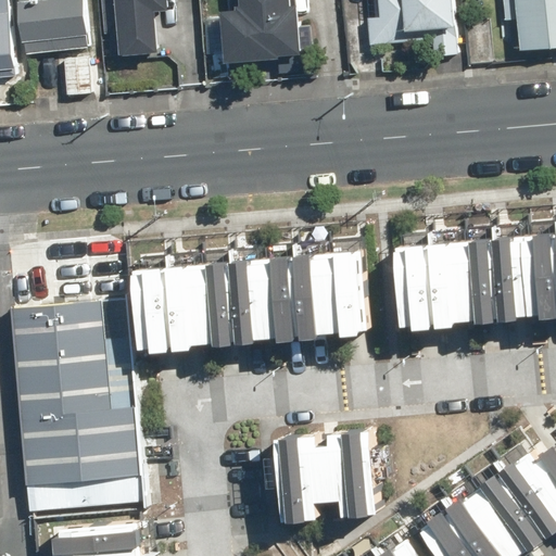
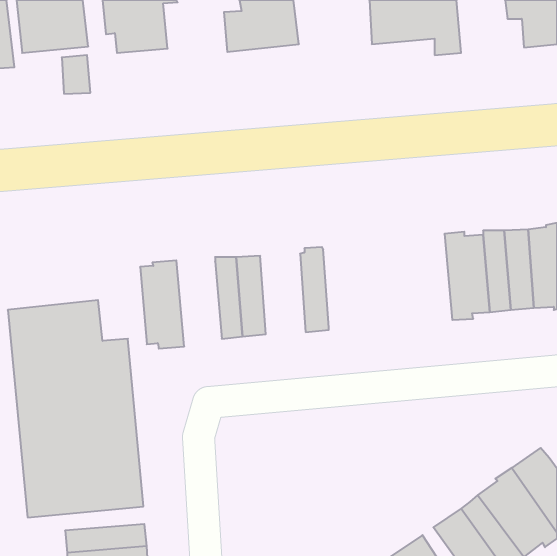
building: [402,238,445,325] -> none
building: [318,251,365,332] -> none
building: [256,253,301,339] -> none
building: [174,262,218,349] -> none
building: [281,426,383,515] -> none

